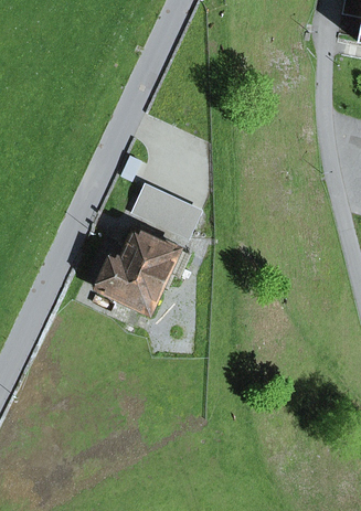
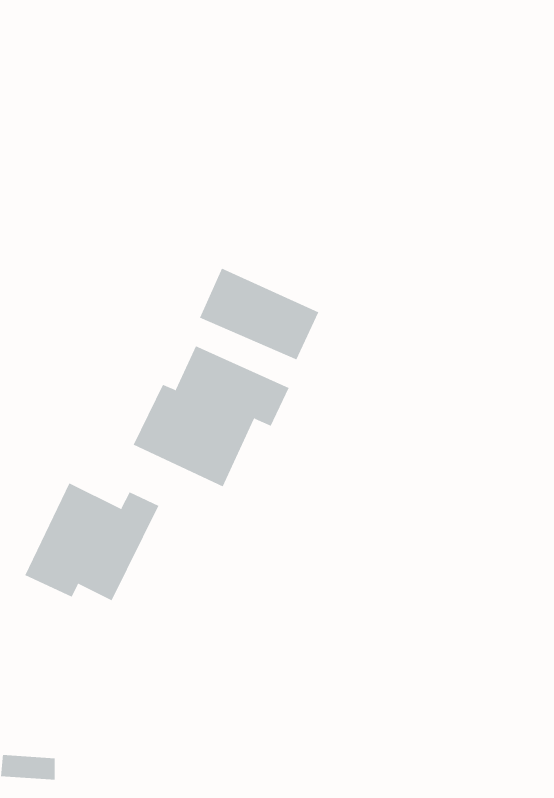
building: none -> [25,482,159,601]

